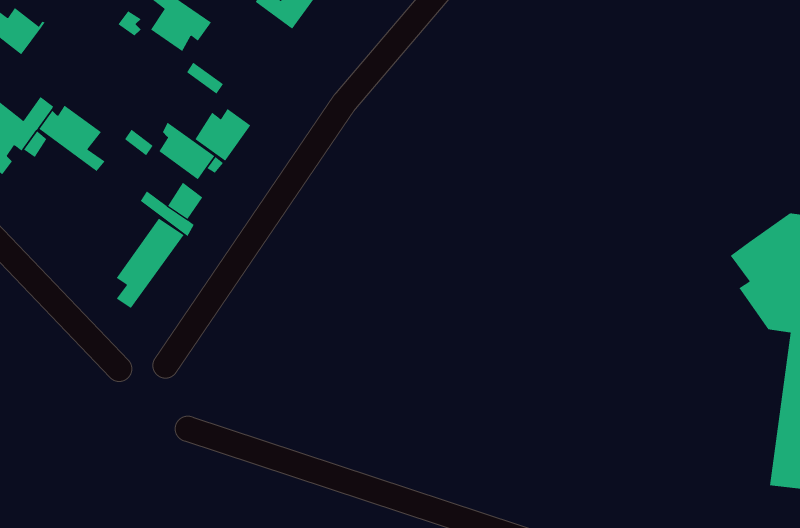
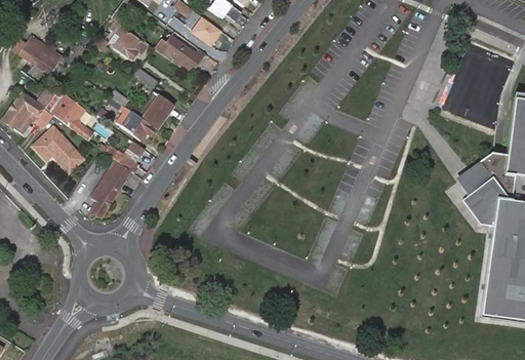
building: none -> [156,36,205,71]
building: none -> [35,44,60,74]
building: none -> [33,124,82,170]

